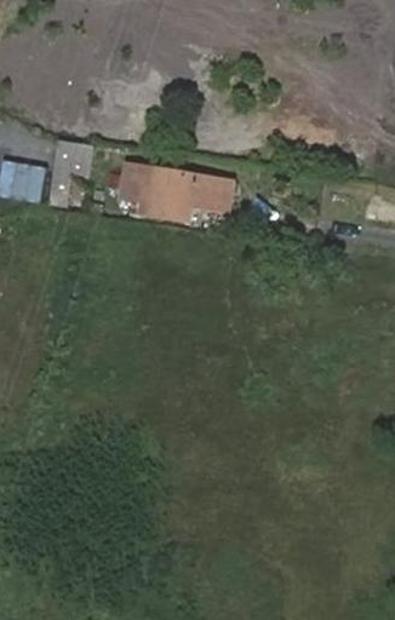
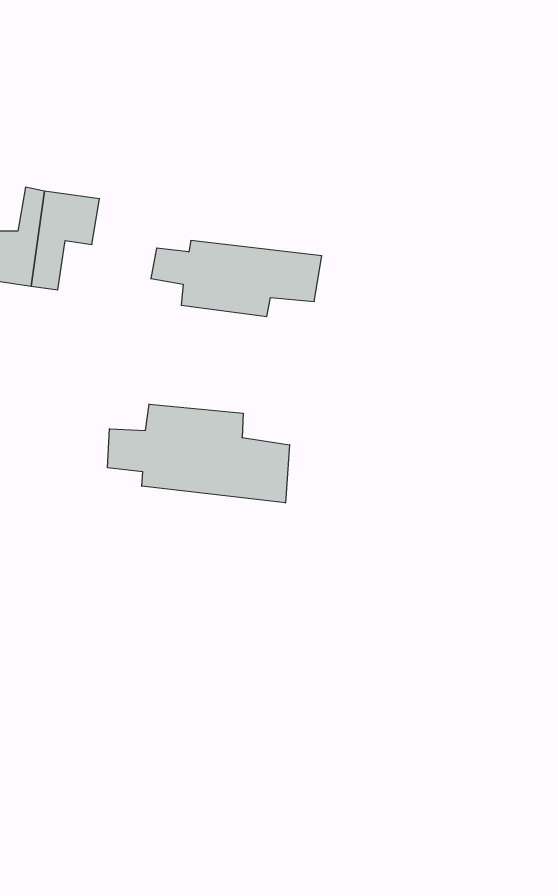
building: none -> [107,404,290,503]

